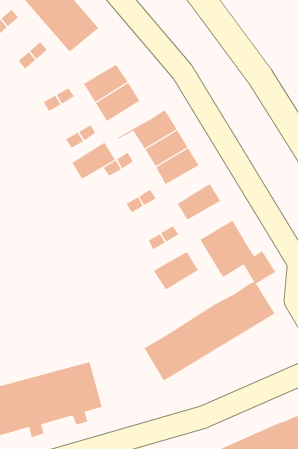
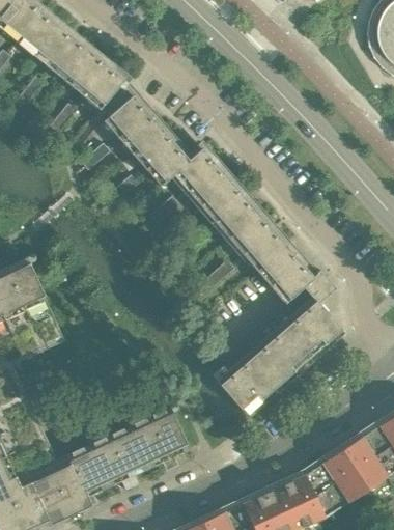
building: none -> [105,93,147,135]
building: [71,142,116,179] -> [147,142,190,183]
building: none -> [215,195,258,236]
building: [153,251,199,290] -> [242,226,286,268]

